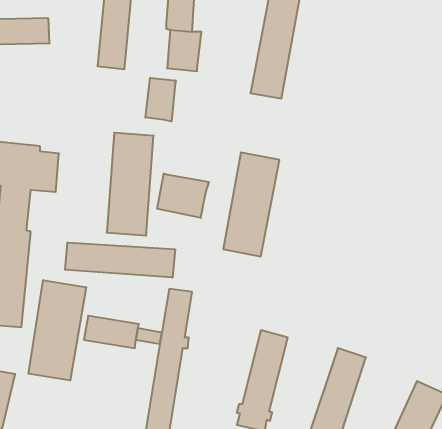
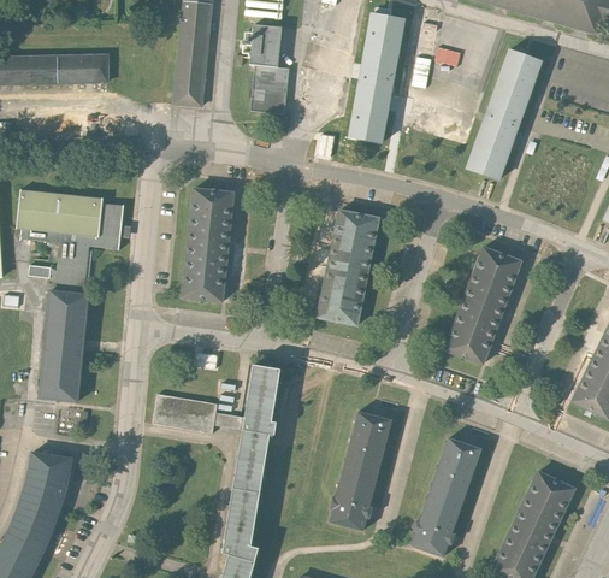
building: none -> [469,54,546,184]
building: [145,78,176,121] -> none
building: [157,174,209,218] -> none
building: none -> [443,244,525,366]
building: [65,242,175,278] -> none
building: [28,280,86,380] -> none

